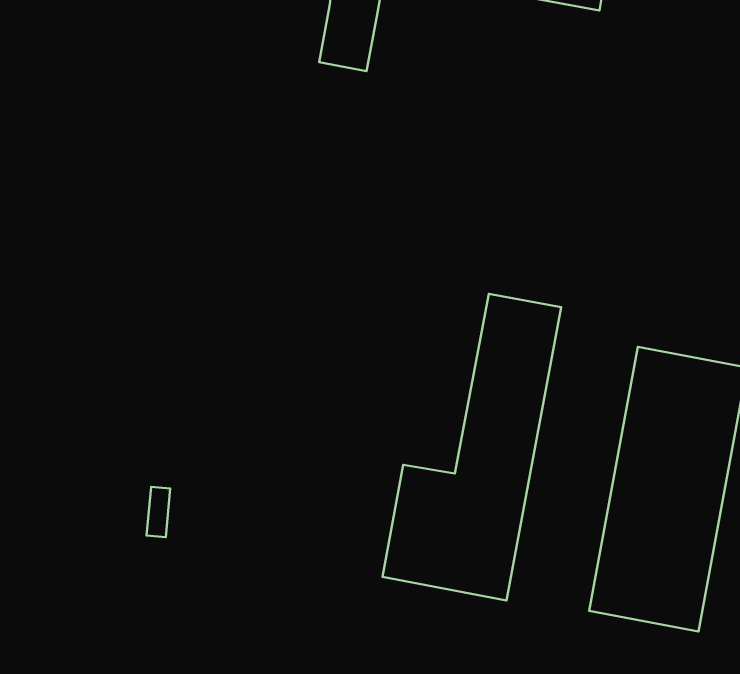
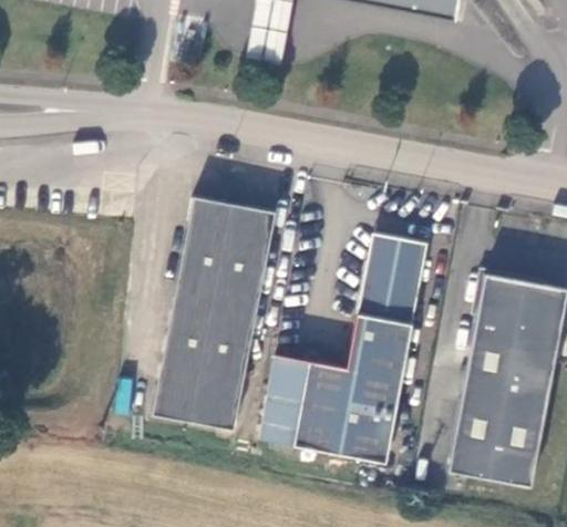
building: none -> [154,196,276,428]
building: none -> [261,354,309,445]

